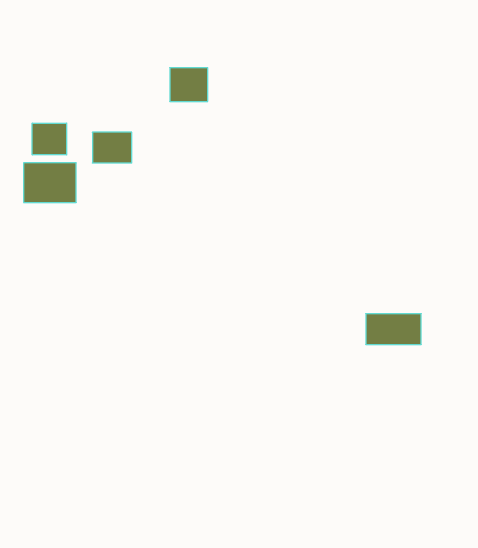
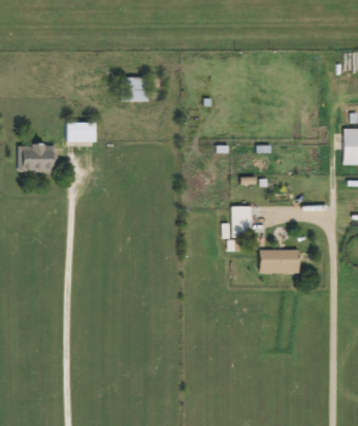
building: [32,123,67,155] -> none
building: none -> [232,205,252,237]

